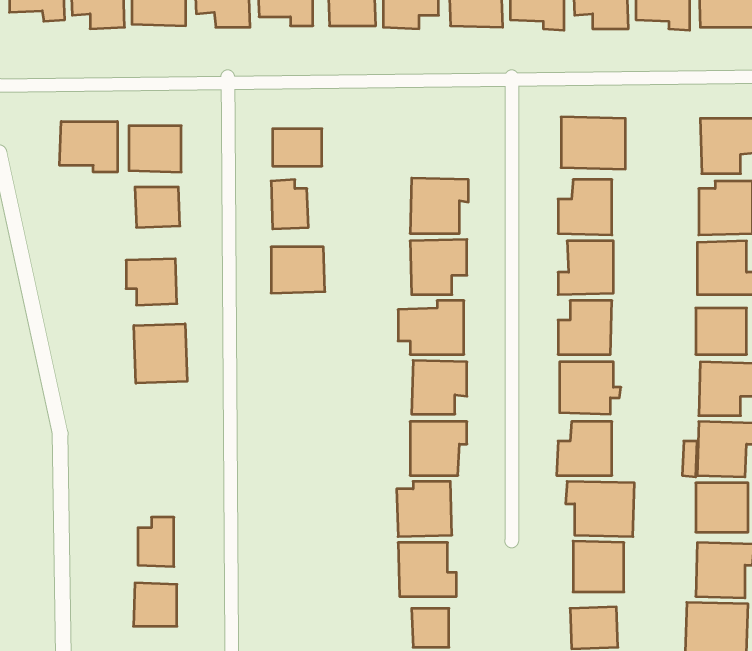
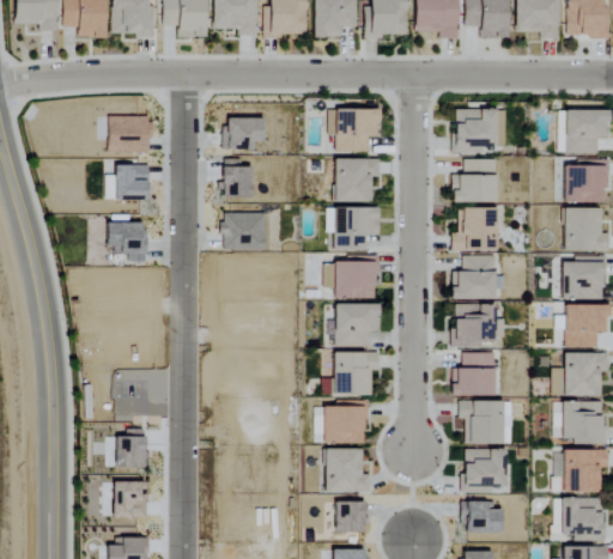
building: none -> [336,108,380,151]
building: [60,121,117,172] -> none
building: [134,324,187,383] -> none

